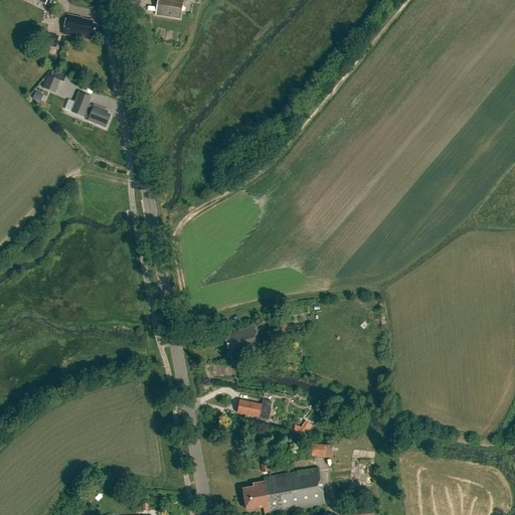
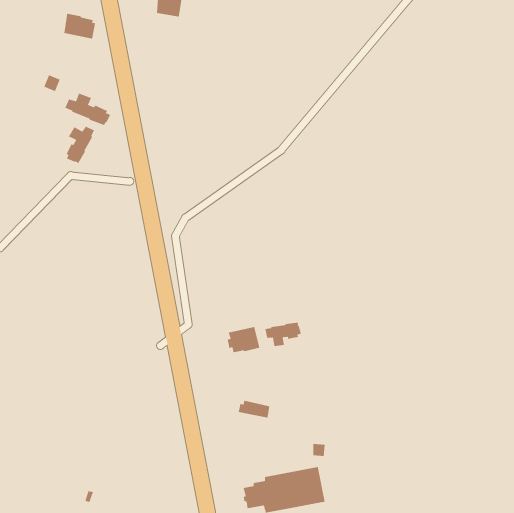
building: none -> [66,126,95,164]
building: none -> [265,322,301,347]

